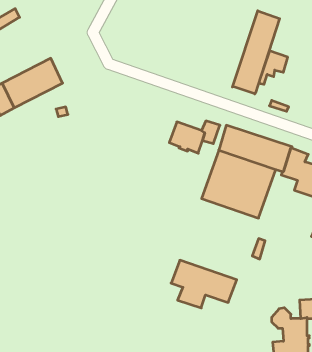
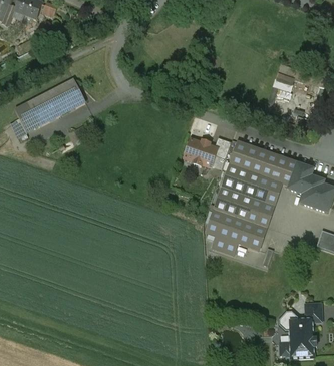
building: [232,11,280,94] -> none
building: [171,260,237,308] -> [206,209,267,253]

